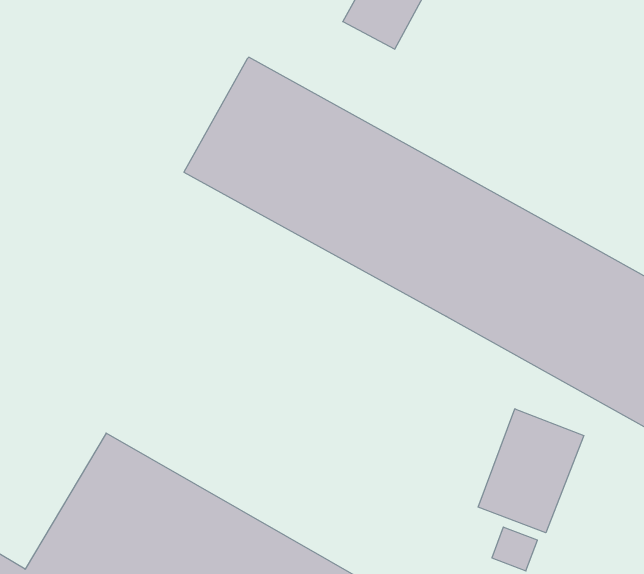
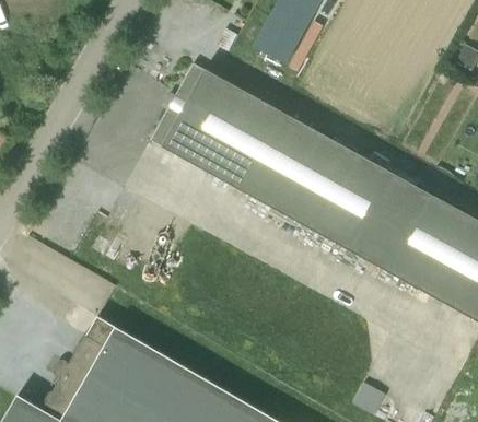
building: [478,409,584,533] -> none

